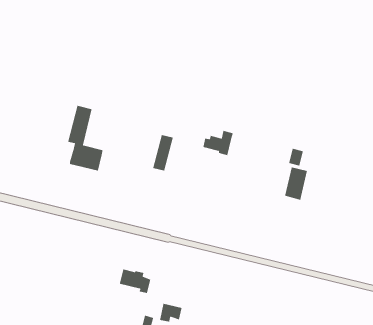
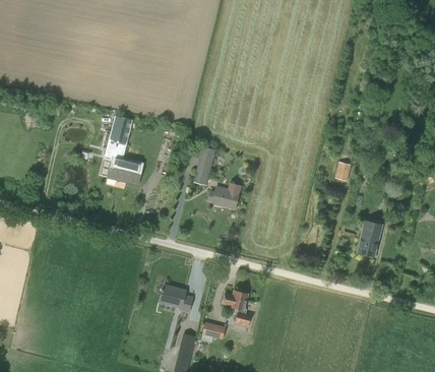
building: [202,130,234,156] -> [207,182,240,209]
building: [284,167,308,201] -> [357,221,381,256]
building: none -> [223,290,250,327]

